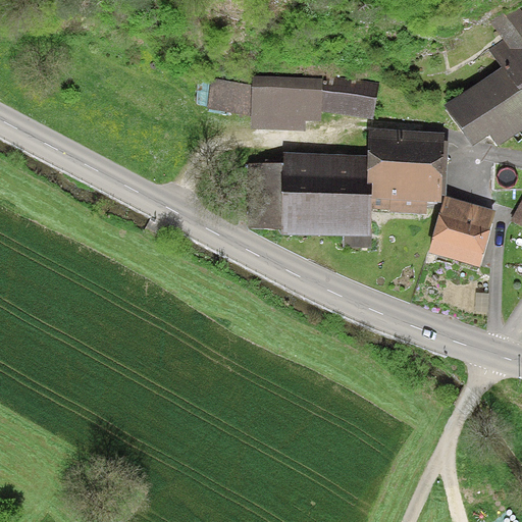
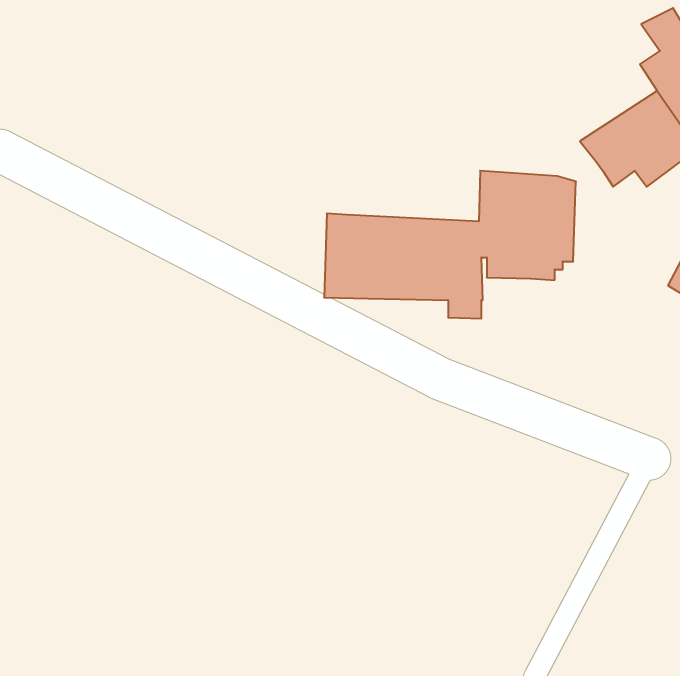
building: [208,75,377,117] -> none
building: [430,196,498,263] -> none

